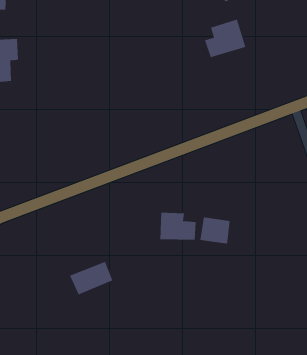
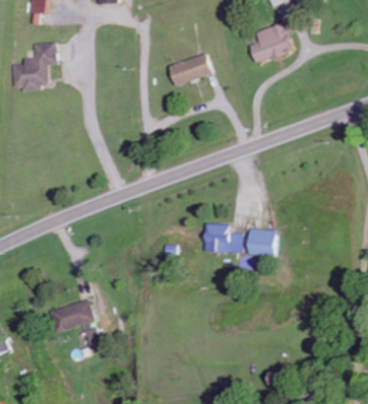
building: none -> [169,54,212,85]
building: [69,261,113,295] -> [49,298,95,334]

